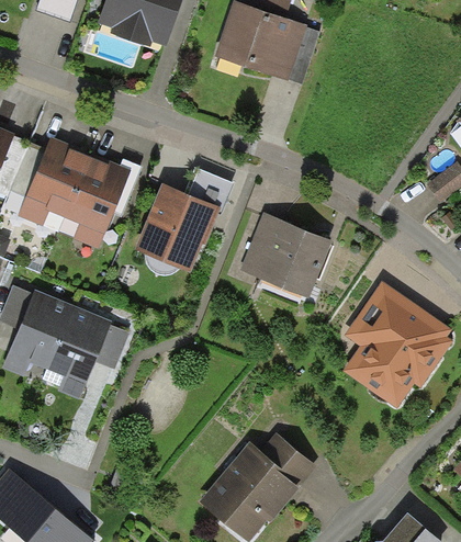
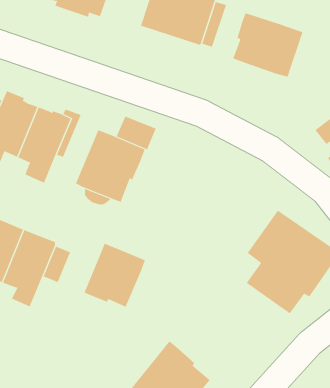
building: none -> [232,12,303,78]
building: [240,213,333,298] -> none
building: none -> [84,243,146,308]
building: [261,432,317,488] -> none

